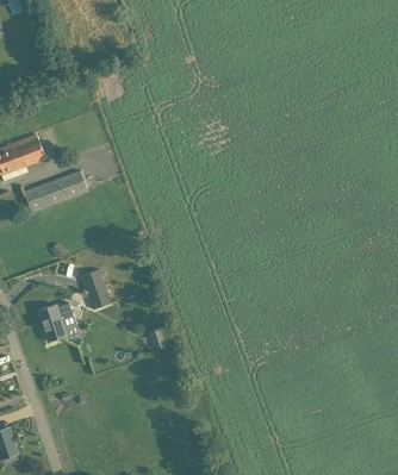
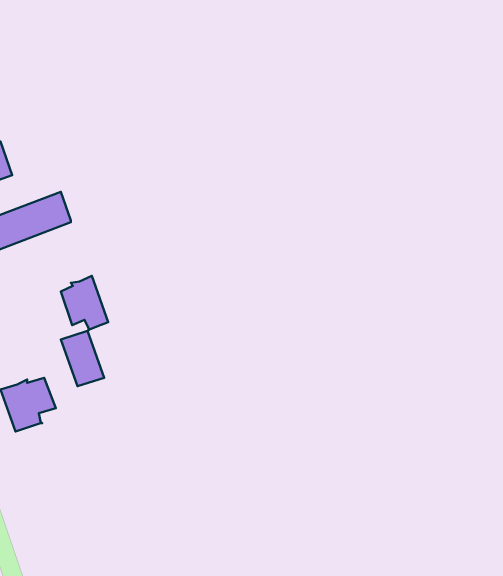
building: none -> [61,276,108,331]

